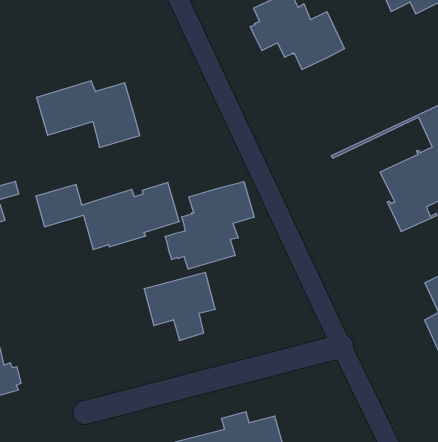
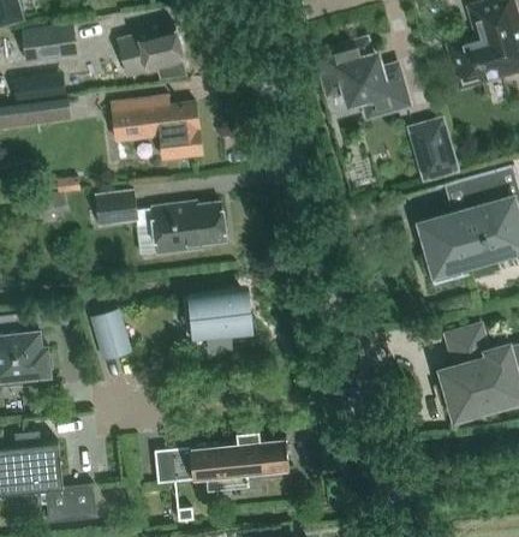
building: none -> [119,26,186,79]
building: none -> [407,118,460,184]
building: [165,182,254,269] -> none
building: none -> [94,311,129,357]

